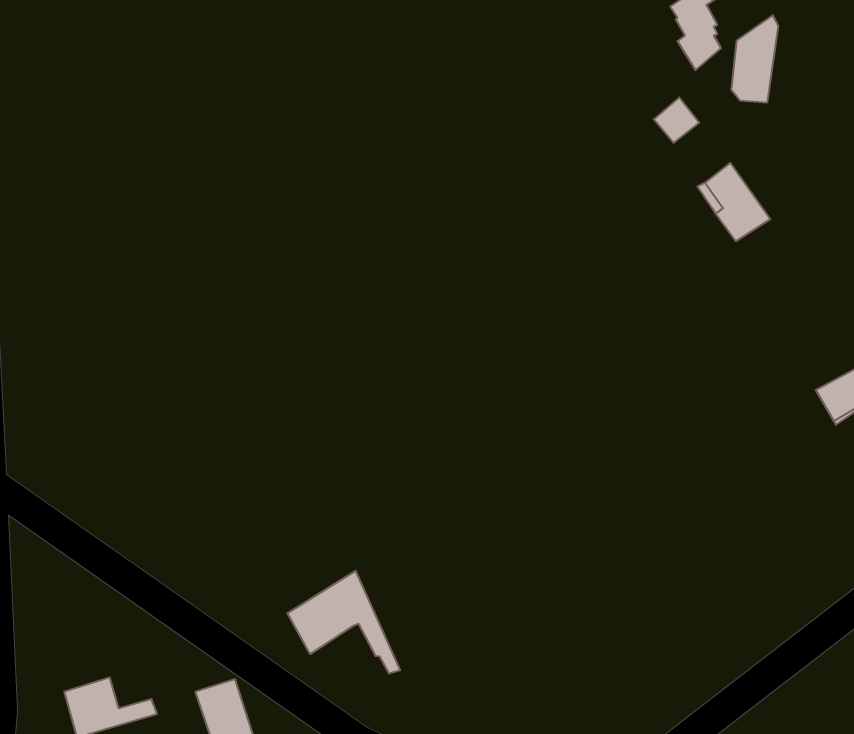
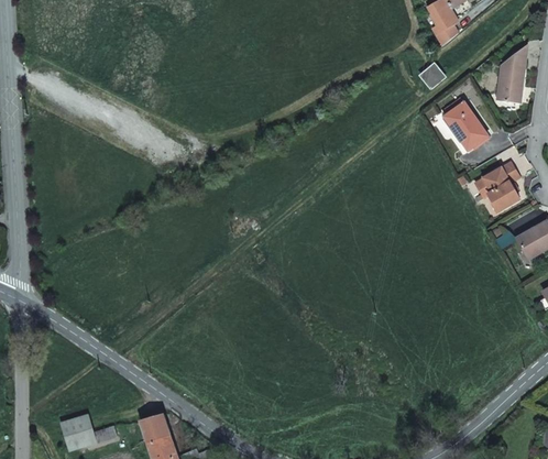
building: [731,15,778,102] -> [496,48,525,101]
building: none -> [474,163,518,211]
building: [287,571,400,674] -> none

